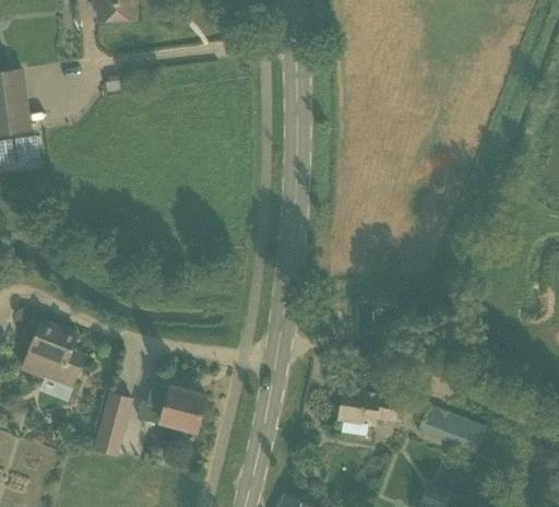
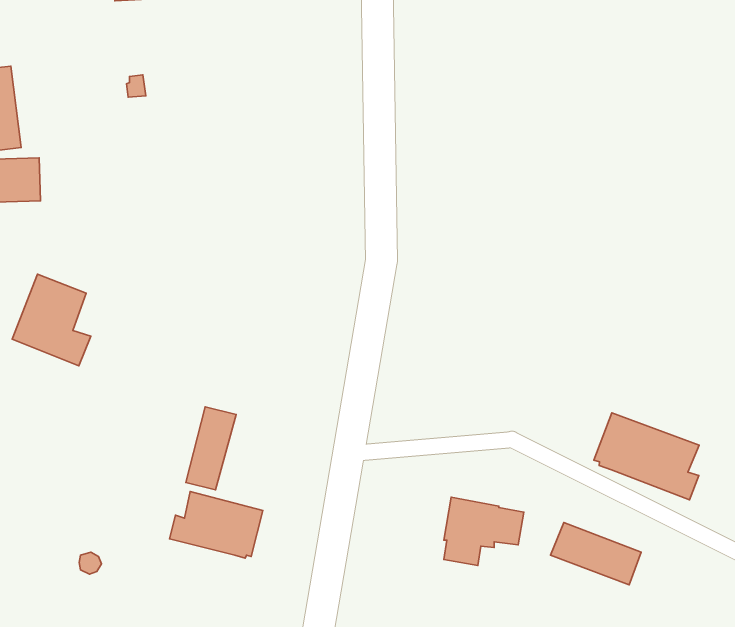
building: [23,320,81,388] -> [12,274,91,366]
building: none -> [594,413,699,500]
building: [95,393,132,455] -> [186,407,236,490]

